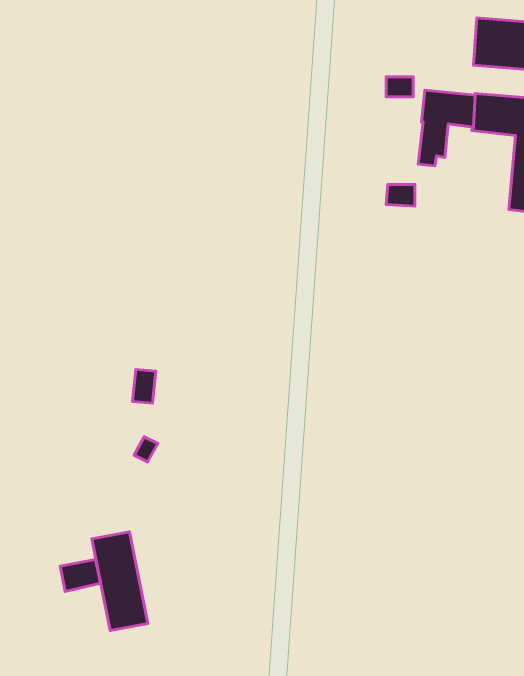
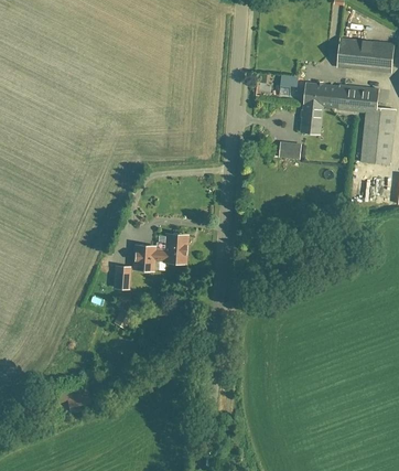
building: none -> [133,234,186,271]
building: [92,532,148,630] -> none

